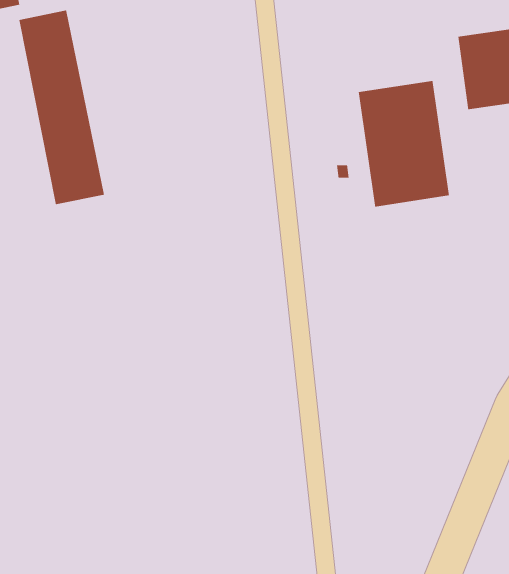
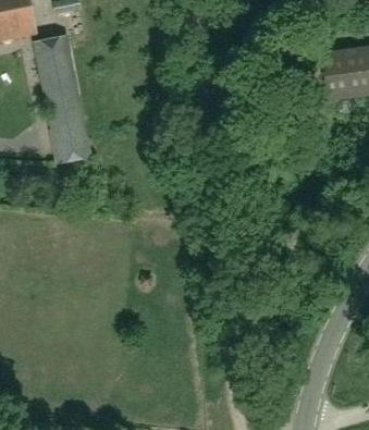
building: [358,80,450,207] -> none

